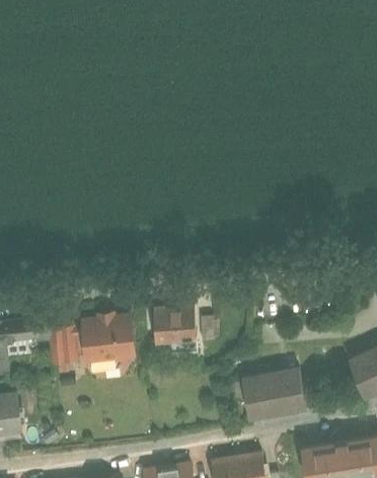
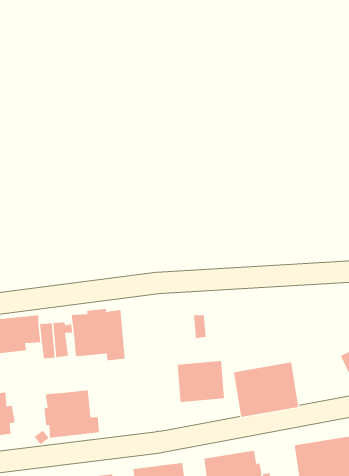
building: [149,298,197,339] -> [177,360,225,403]
building: none -> [44,390,100,438]

